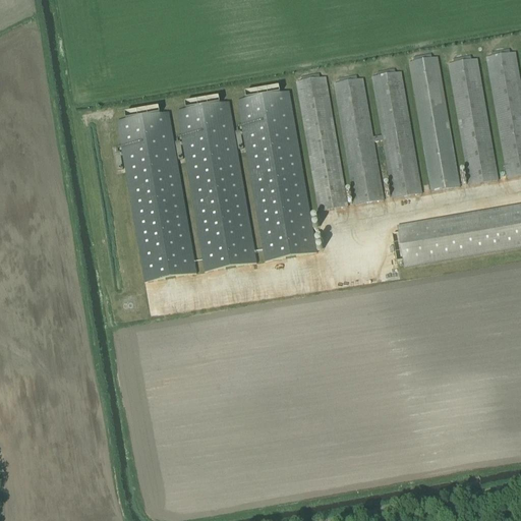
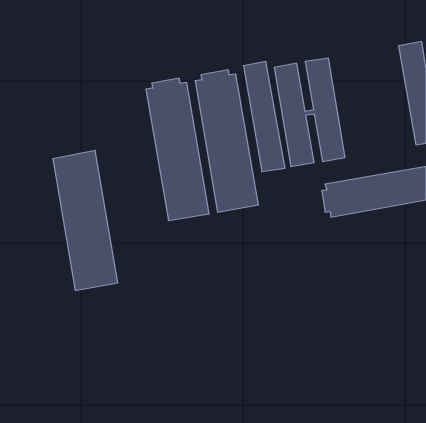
building: [409,56,460,190] -> none
building: [449,58,498,184] -> none
building: [117,111,196,282] -> [53,150,118,290]

